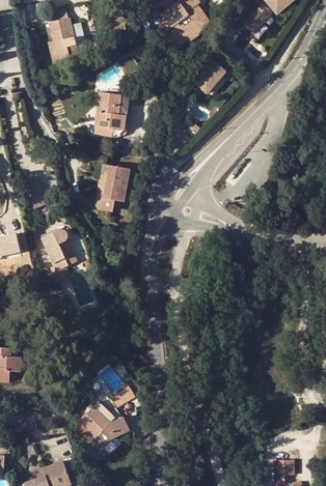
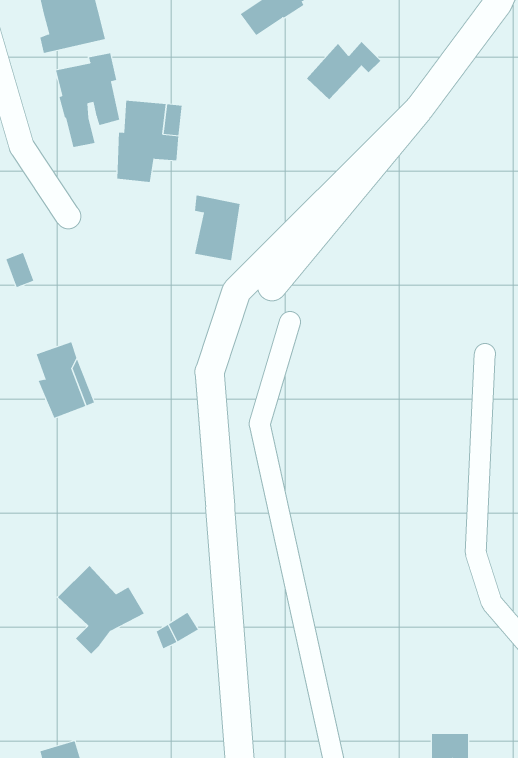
building: none -> [56,52,120,148]
building: [101,162,128,200] -> [194,195,241,261]
building: [79,400,130,452] -> [57,565,145,655]

